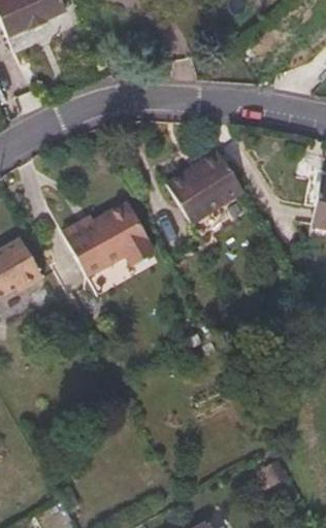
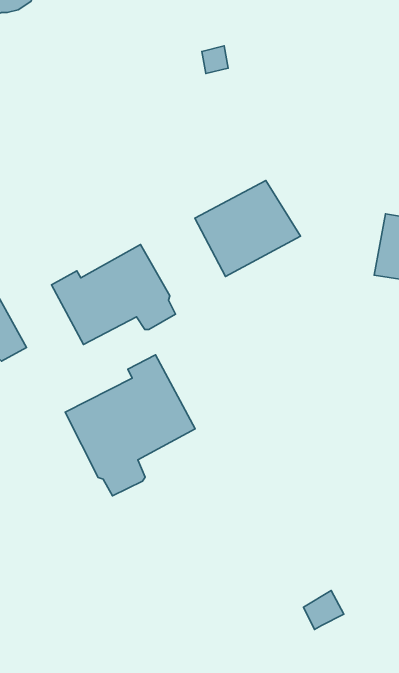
building: none -> [65,355,195,496]

